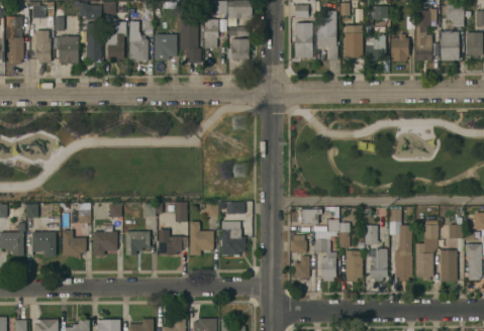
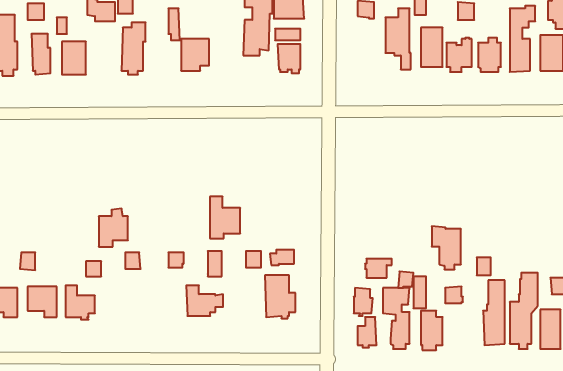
building: [180,14,200,63] -> none
building: [128,20,148,61] -> none
building: [86,22,100,63] -> none
building: [294,22,312,58] -> none
building: [189,221,213,254] -> [210,197,240,238]
building: [93,225,116,255] -> [99,209,128,247]
building: [125,231,150,255] -> none
building: [364,246,387,281] -> [432,226,461,269]

